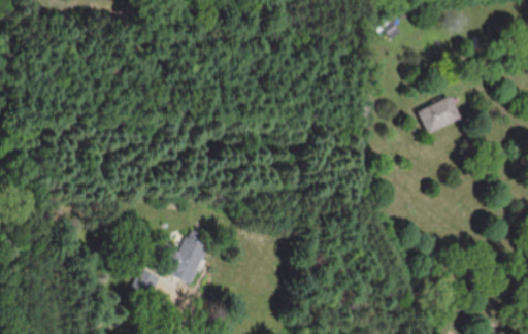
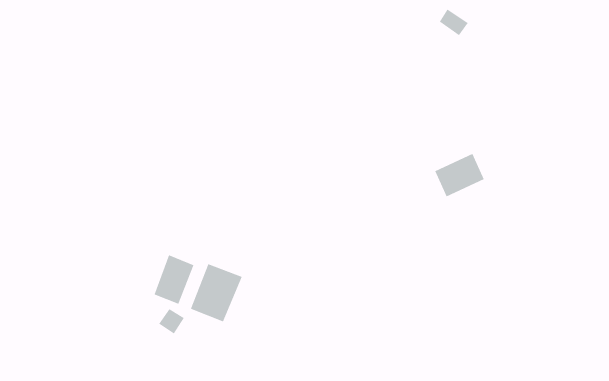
building: [418,96,461,134] -> [434,153,485,198]
building: none -> [153,254,195,305]

